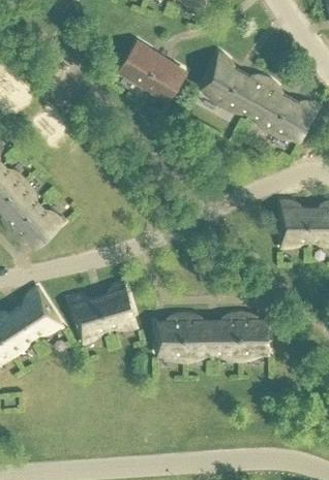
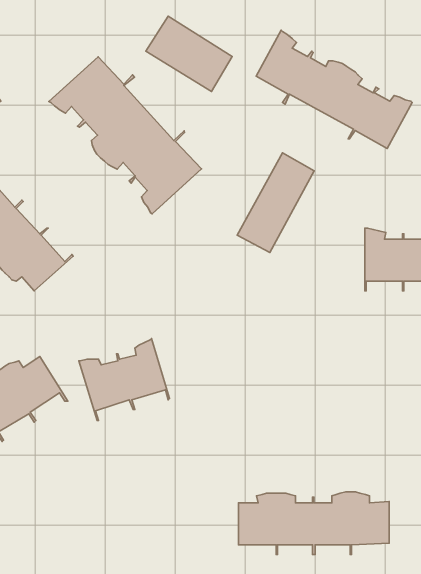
building: none -> [49,57,201,214]
building: none -> [237,153,314,252]
building: [157,315,269,361] -> [238,492,389,554]

